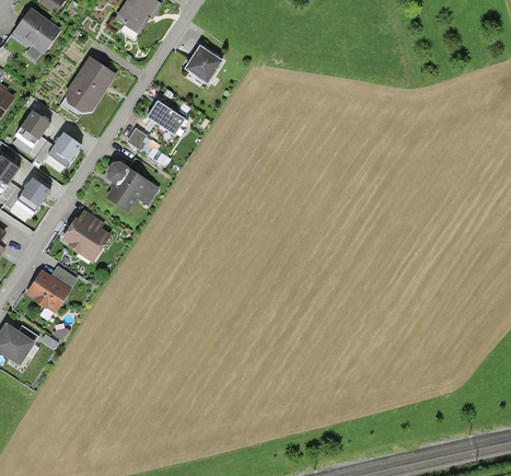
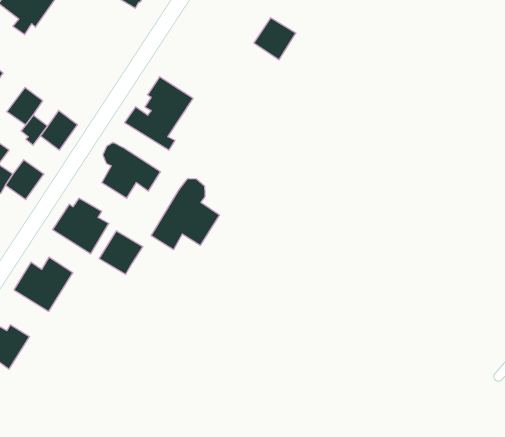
building: [185,45,223,83] -> [254,18,296,60]
building: [65,56,117,112] -> none
building: none -> [151,178,219,250]
building: none -> [99,231,143,274]

